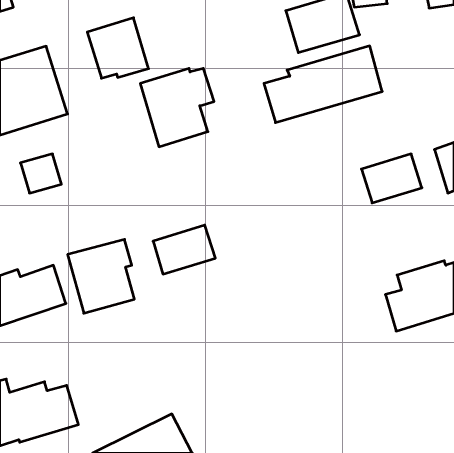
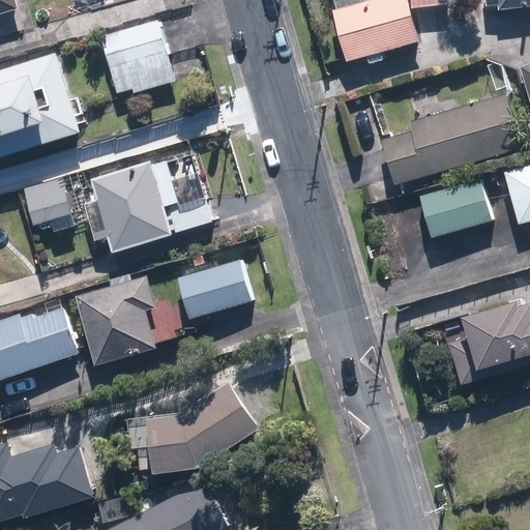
building: [264,46,382,123] -> [382,95,520,184]
building: [140,68,214,147] -> [92,163,178,254]
building: none -> [147,384,258,473]

